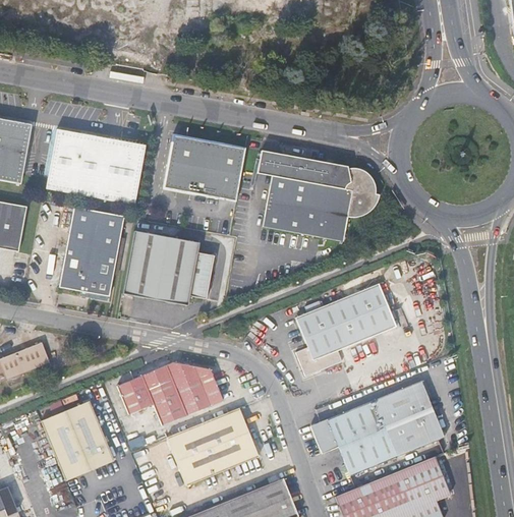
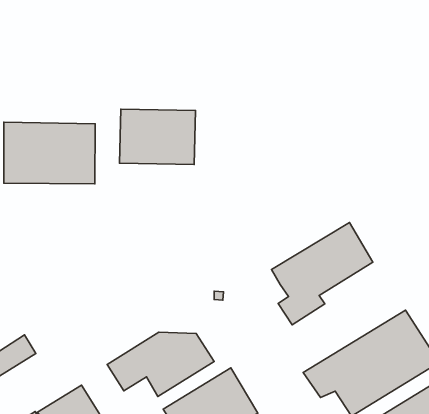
building: [256,151,379,241] -> none
building: [59,208,124,296] -> none
building: [122,231,215,305] -> none

